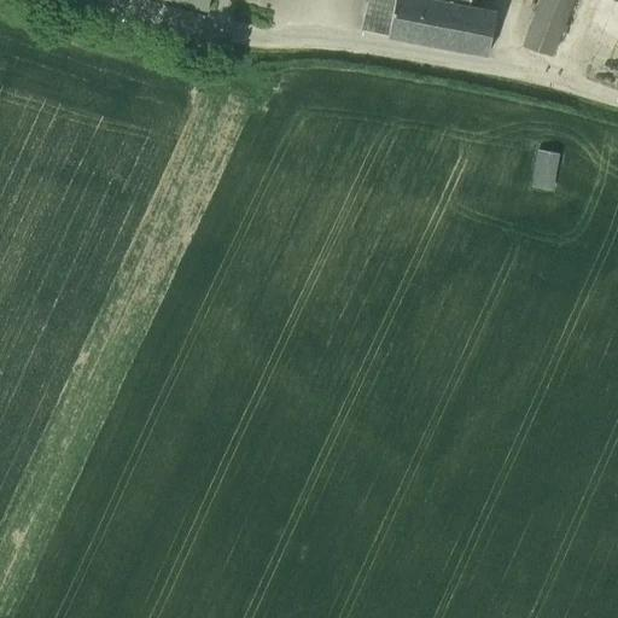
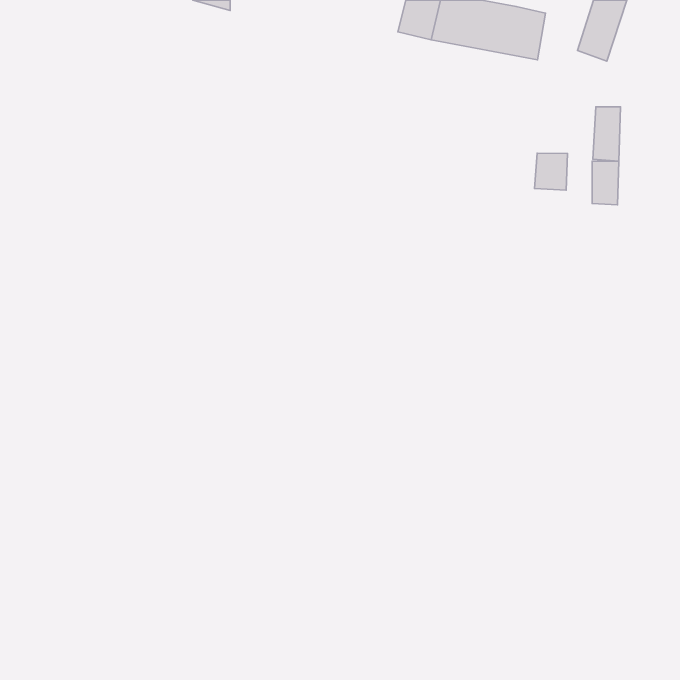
building: none -> [593,107,620,161]
building: none -> [534,153,567,190]

